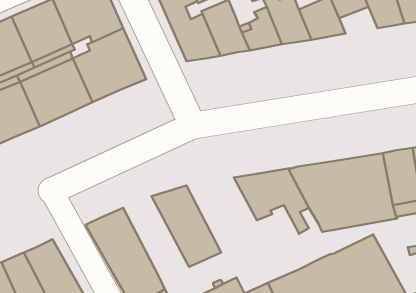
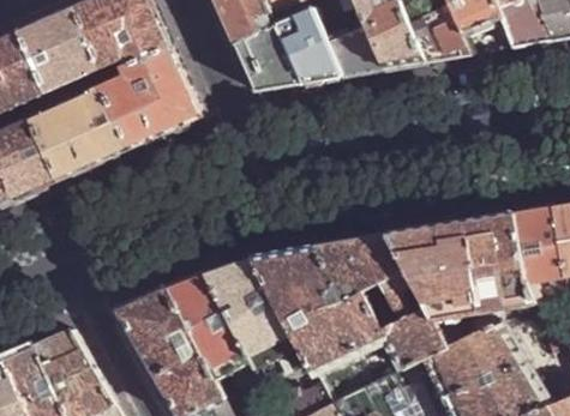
building: none -> [252,246,450,374]
building: none -> [167,271,252,379]

